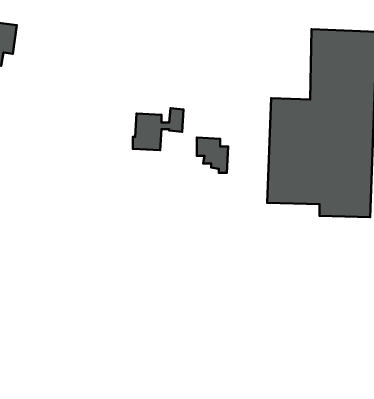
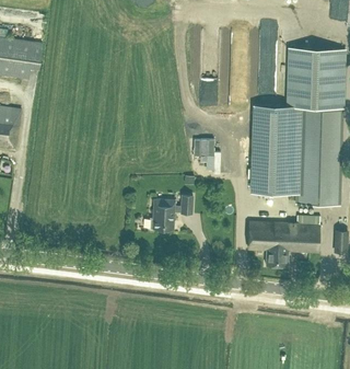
building: [133,108,184,150] -> [150,194,192,229]
building: none -> [247,216,319,266]

